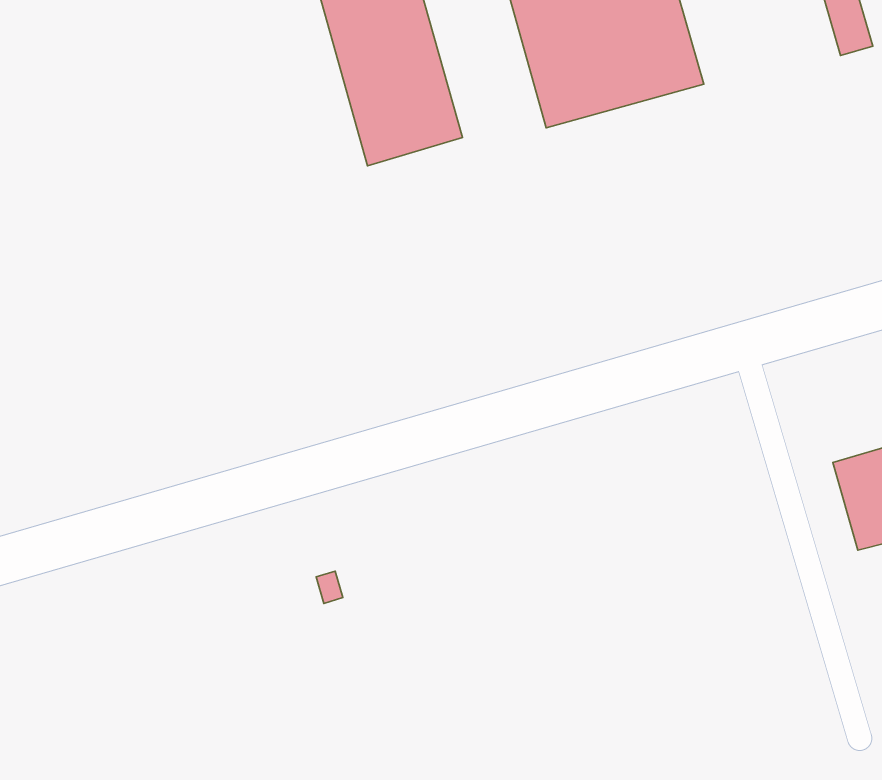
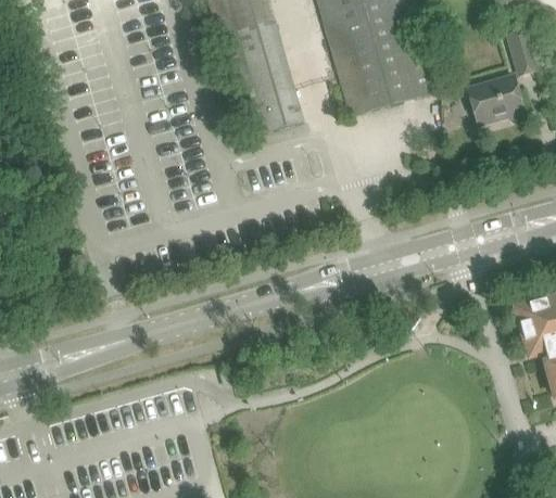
building: none -> [466,74,522,124]

